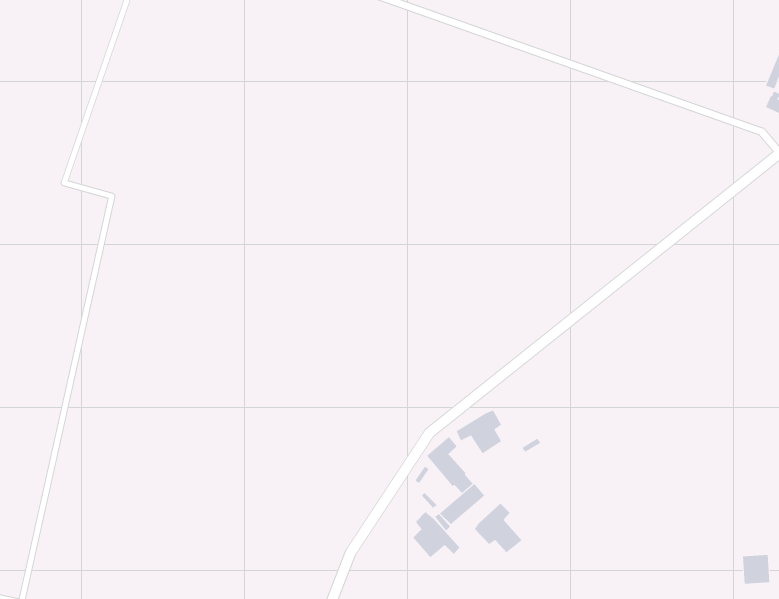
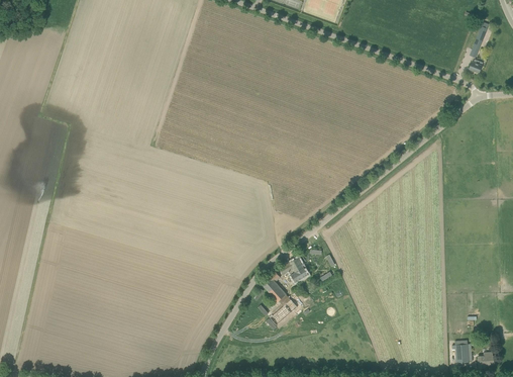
building: [474,503,522,553] -> none
building: [413,511,460,558] -> none

